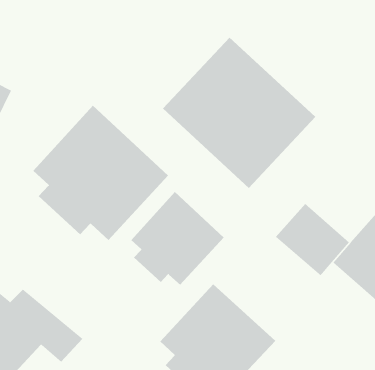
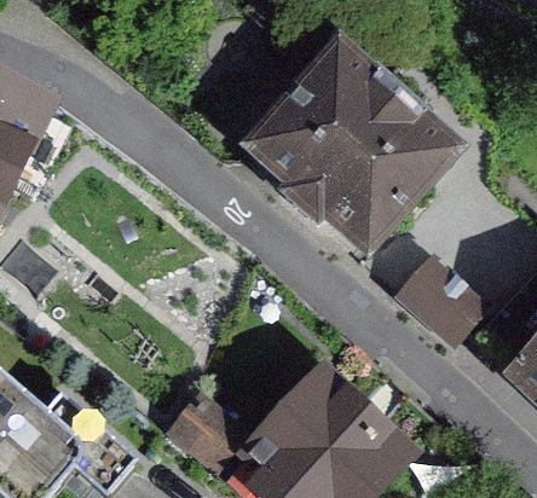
building: [33,105,169,241] -> none
building: [131,191,224,285] -> none

